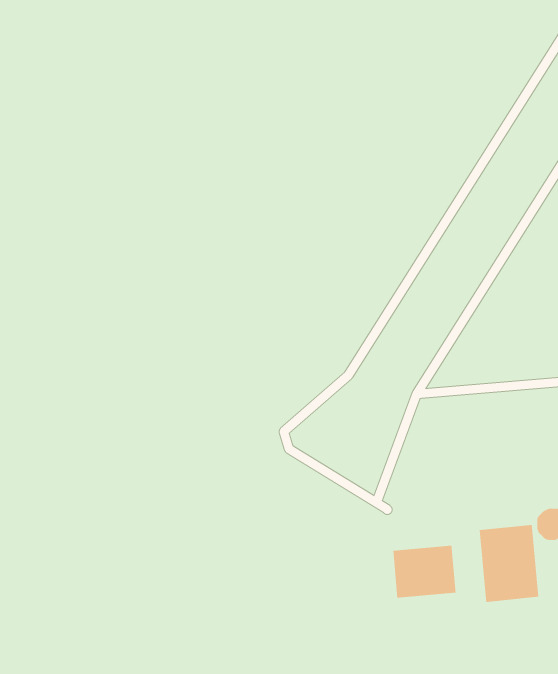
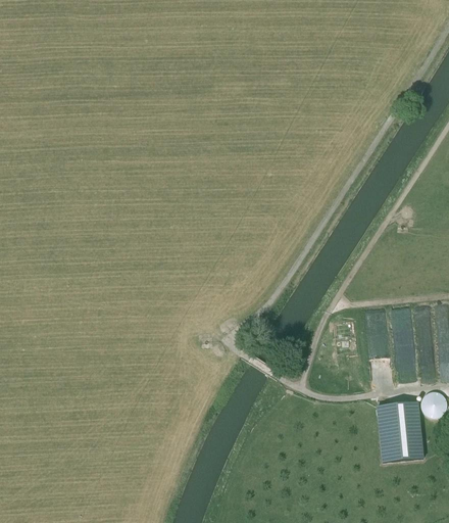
building: [393,545,456,599] -> none

